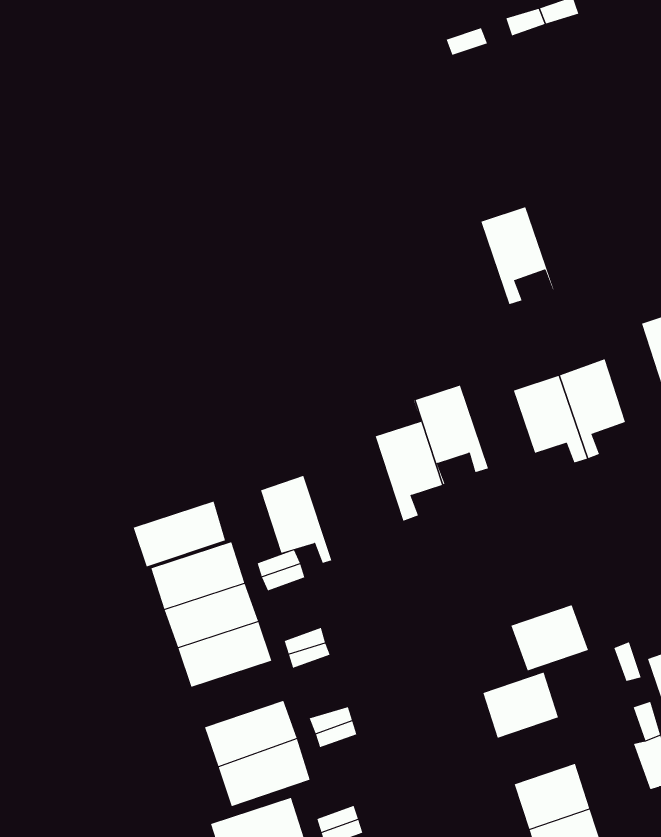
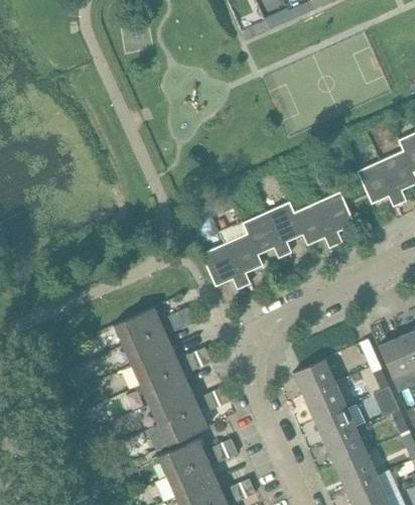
building: [480,207,554,305] -> [266,203,308,255]
building: [260,475,332,563] -> [201,244,243,289]
building: [133,501,226,567] -> [140,367,189,405]
building: [510,604,589,671] -> [303,382,345,419]

